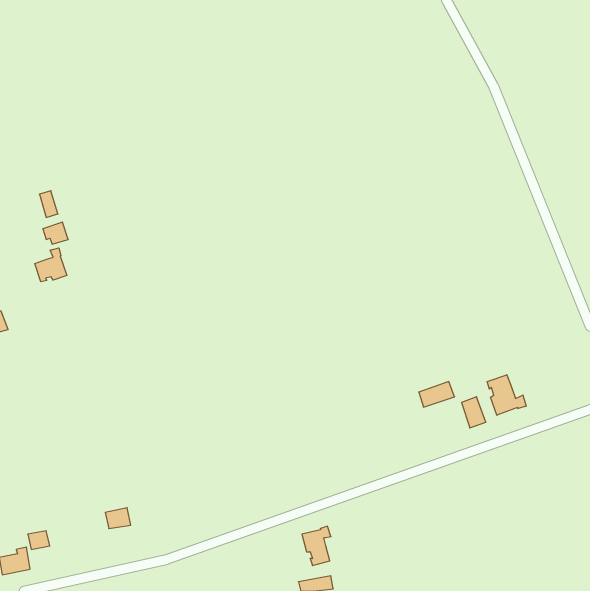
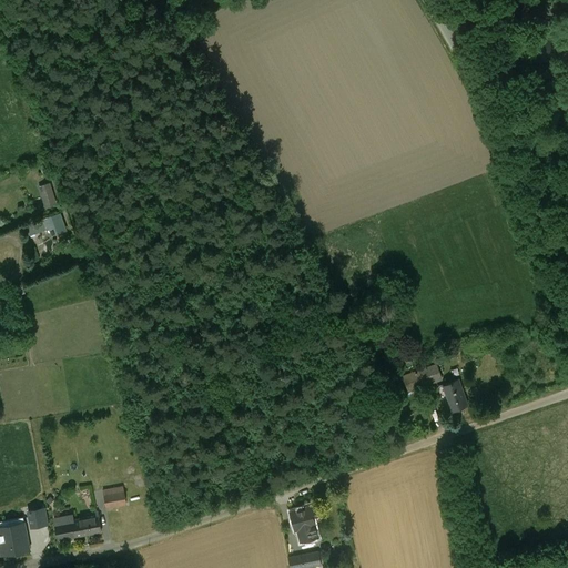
building: [35,248,67,282] -> none
building: [487,375,526,415] -> none
building: none -> [53,511,99,540]

